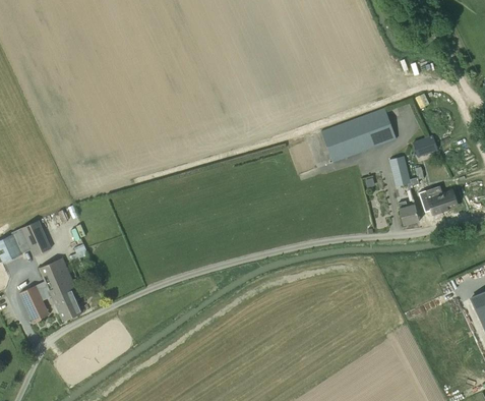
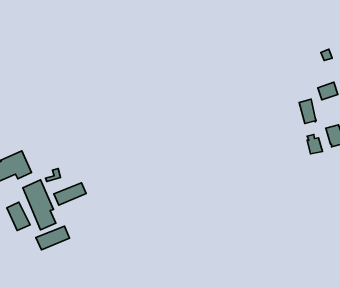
building: [321,108,396,163] -> none
building: none -> [54,183,86,205]
building: none -> [36,226,69,250]

